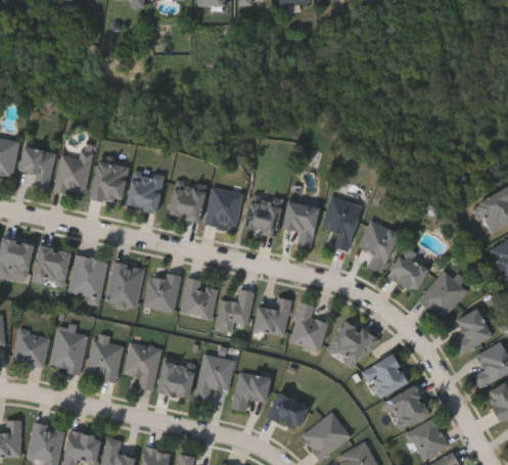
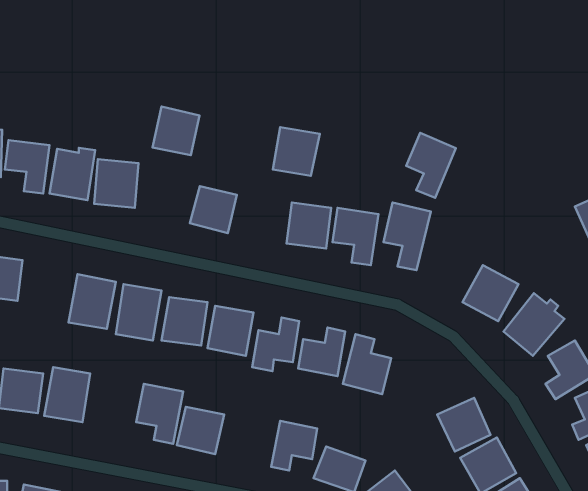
building: [125,174,163,213] -> [152,107,200,155]
building: [204,189,242,228] -> [273,127,320,176]
building: [358,221,398,273] -> [406,133,456,198]
building: [32,245,71,286] -> none
building: [325,319,375,369] -> none
building: [86,335,125,381] -> none
building: [195,355,234,403] -> none

